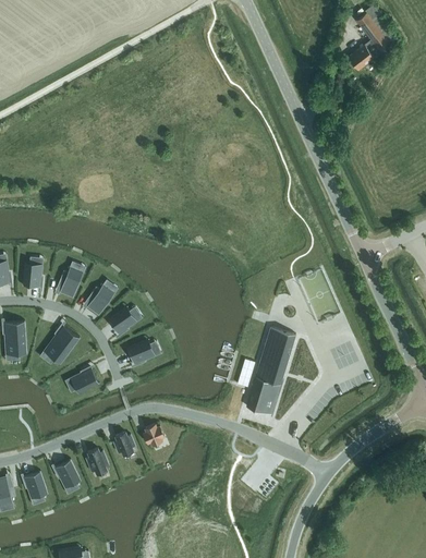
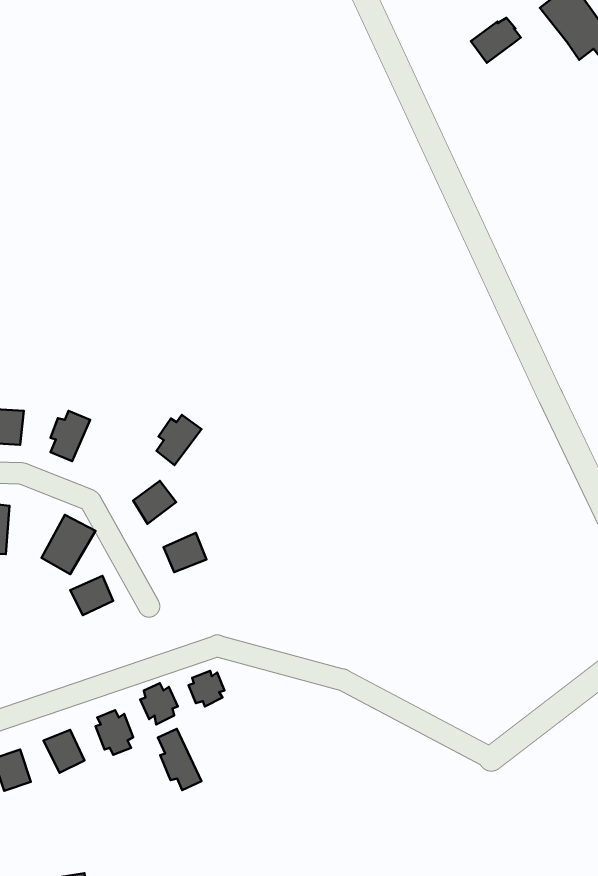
building: [349,43,379,70] -> [471,18,521,63]
building: [87,283,114,314] -> [157,415,201,465]
building: [246,327,295,414] -> none
building: none -> [158,729,201,790]

